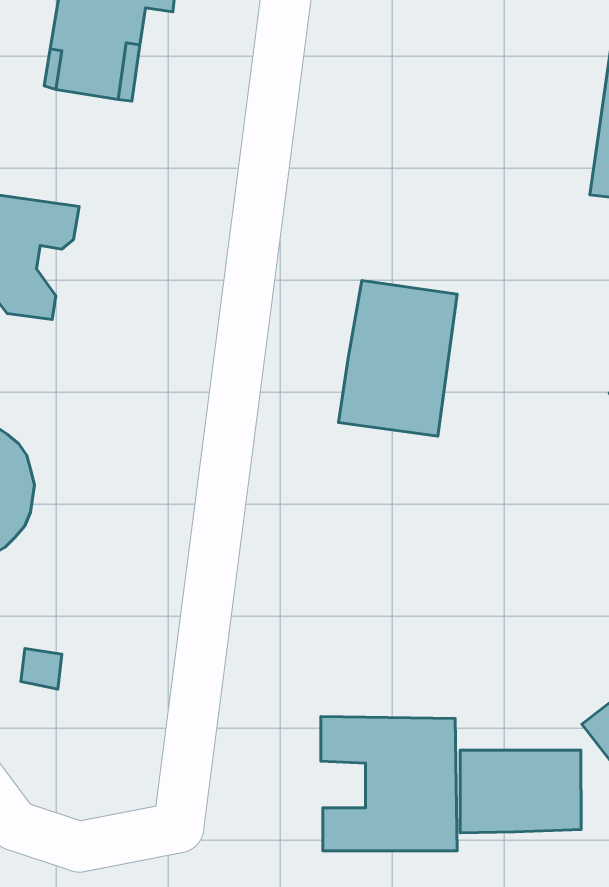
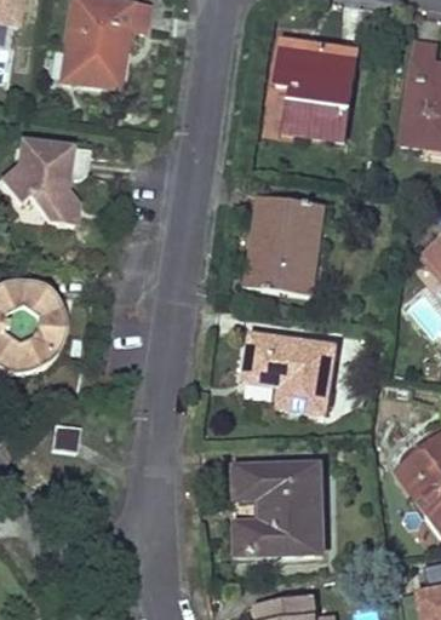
building: none -> [276,40,356,137]
building: none -> [246,333,334,409]
building: [460,750,581,833] -> none

